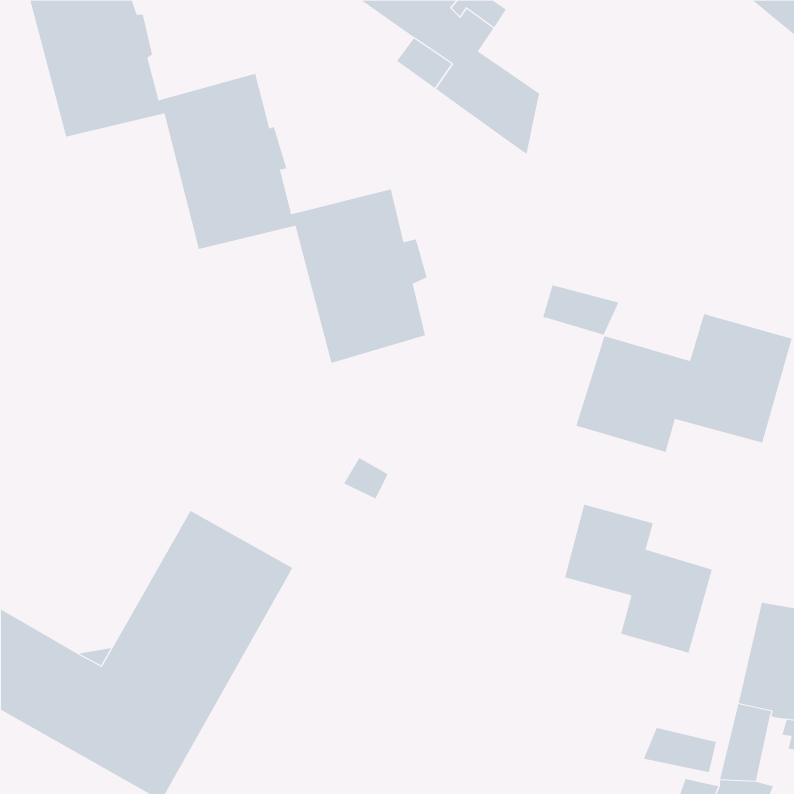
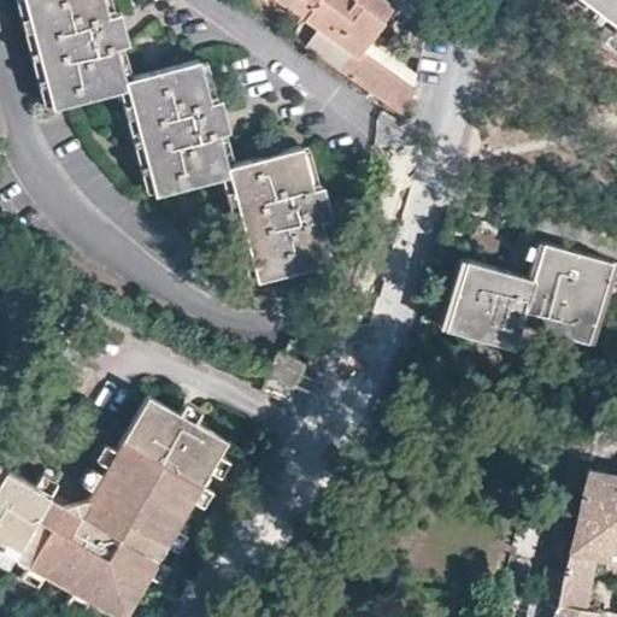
building: [543,285,619,335] -> none
building: [565,504,713,654] -> none
building: [643,727,716,773] -> none

